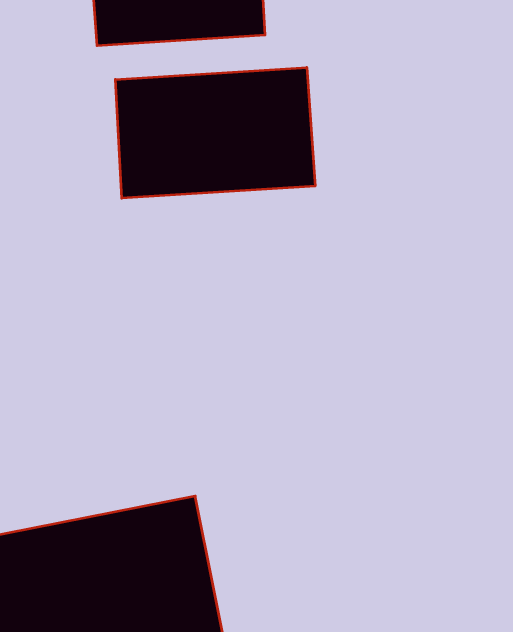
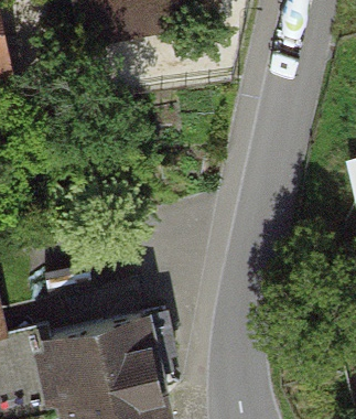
building: [115,67,315,198] -> none

